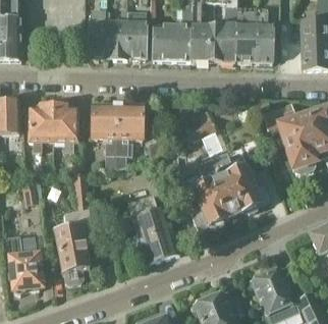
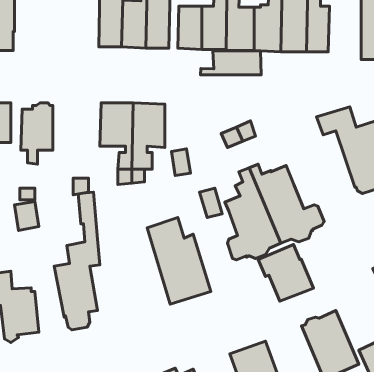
building: none -> [201,51,261,75]
building: [53,102,78,151] -> none
building: none -> [258,245,313,301]

